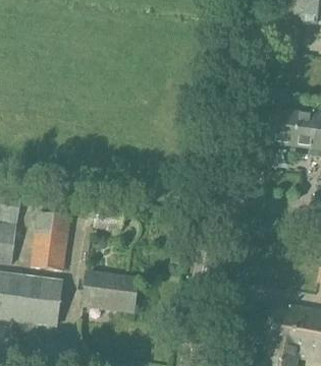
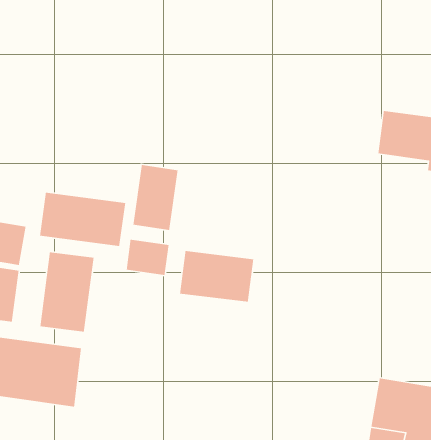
building: none -> [133,164,179,231]
building: none -> [39,192,126,247]
building: [83,272,137,310] -> [179,250,254,303]

